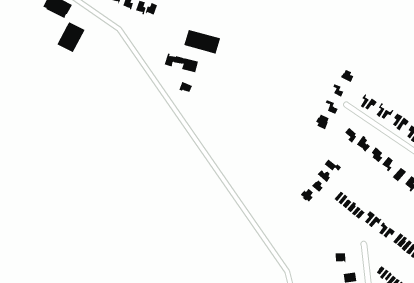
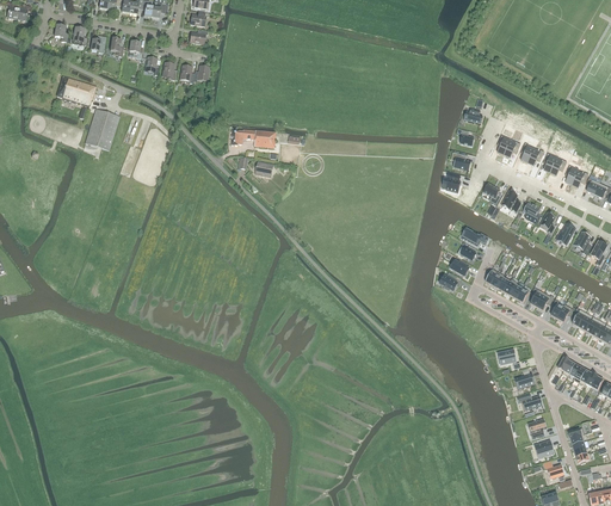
building: [183,29,221,54] -> none

